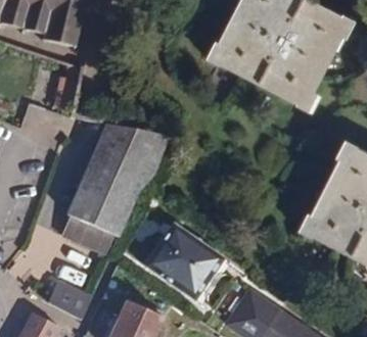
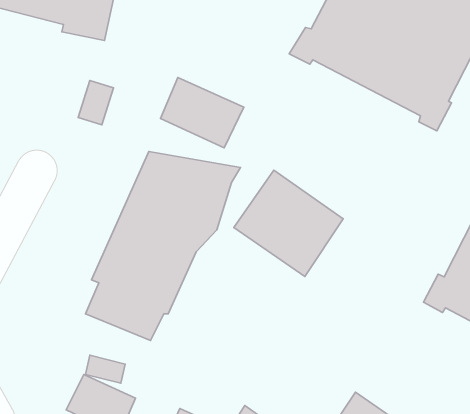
building: none -> [160,77,244,148]
building: [147,225,223,298] -> [234,170,343,276]

